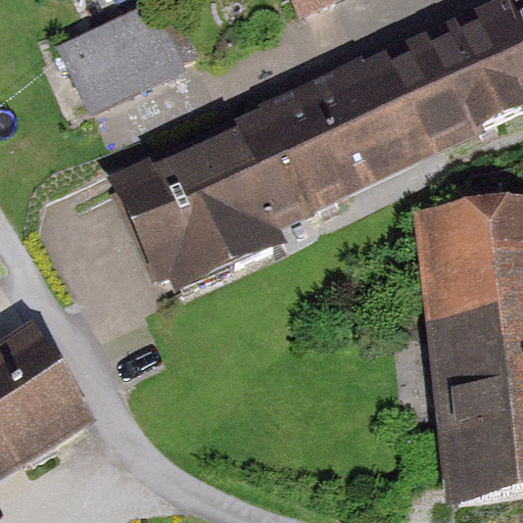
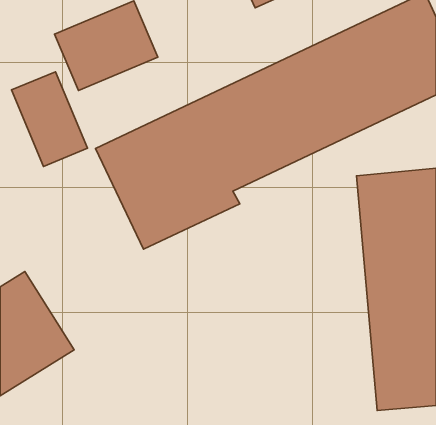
building: none -> [11,72,88,166]

